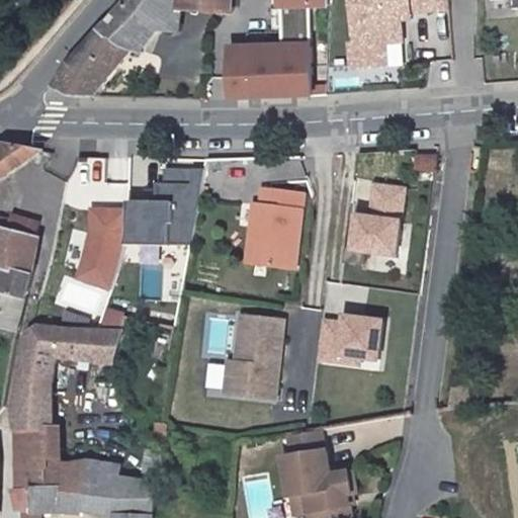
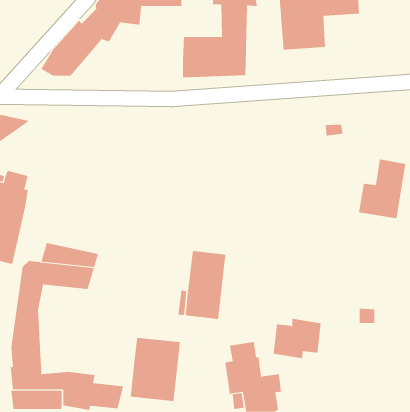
building: [76,169,198,289] -> none
building: [246,186,303,267] -> none
building: [351,186,411,261] -> [358,159,406,219]
building: [320,312,380,362] -> [273,318,321,359]
building: none -> [130,337,180,402]

